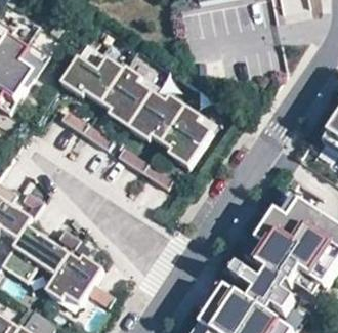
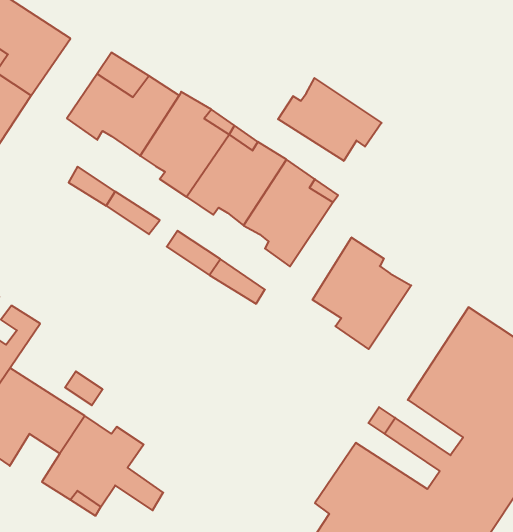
building: none -> [278,78,382,161]
building: none -> [313,237,411,349]

